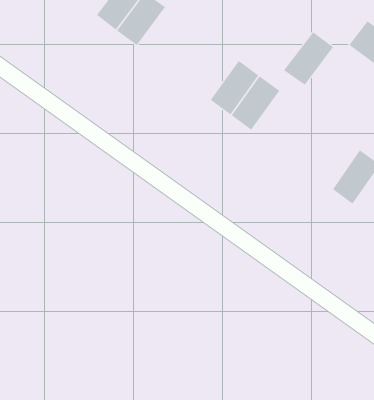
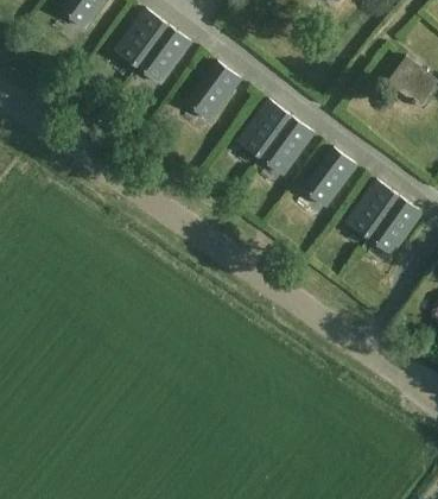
building: none -> [185,62,240,120]
building: [283,32,334,86] -> [300,147,355,206]
building: none -> [345,179,398,238]

